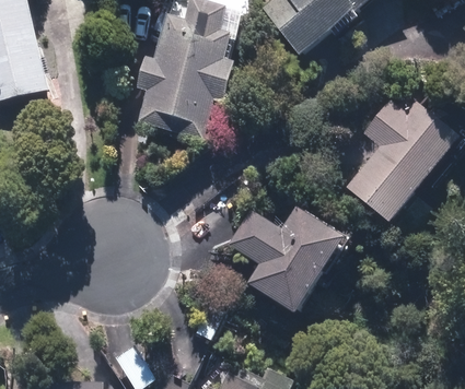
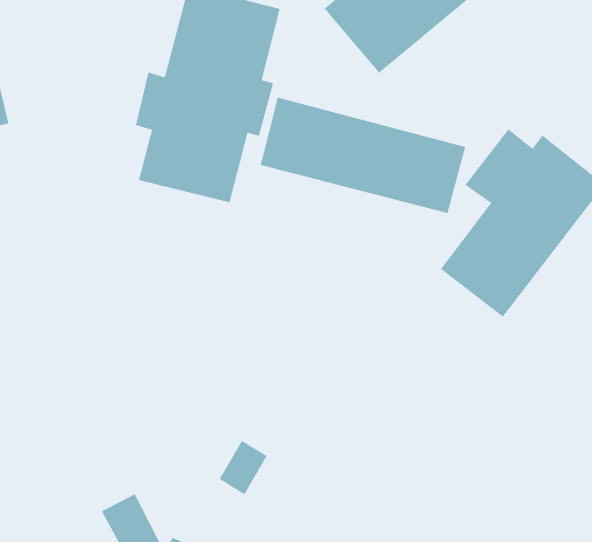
building: none -> [260,97,466,214]
building: [224,204,349,316] -> none

